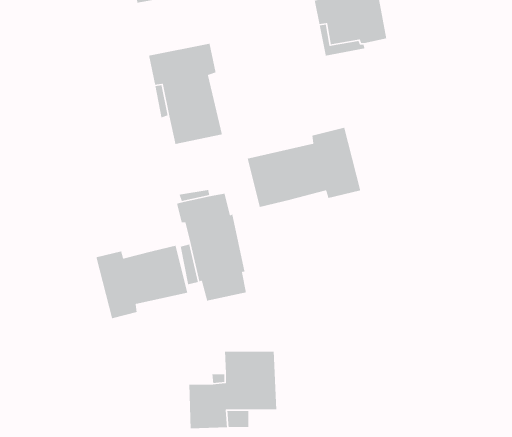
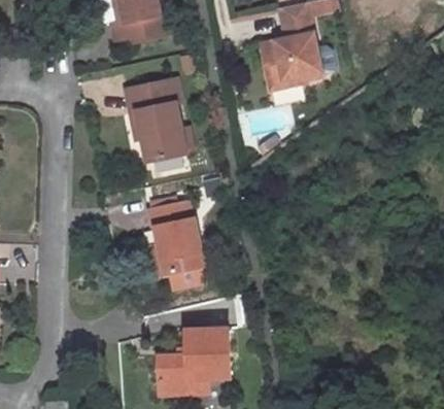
building: [247,127,361,208] -> none
building: [96,245,188,319] -> none

